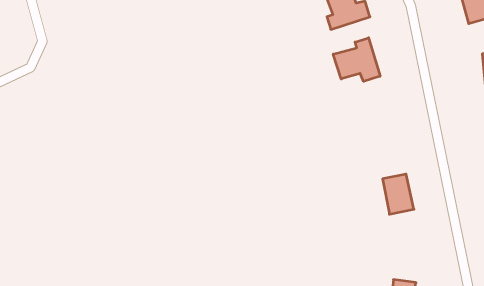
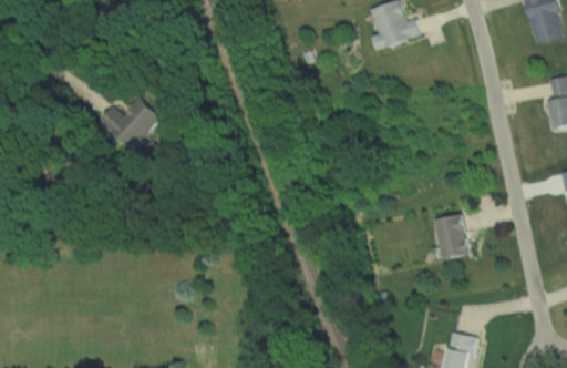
building: [333,38,380,81] -> none
building: none -> [94,101,154,150]

